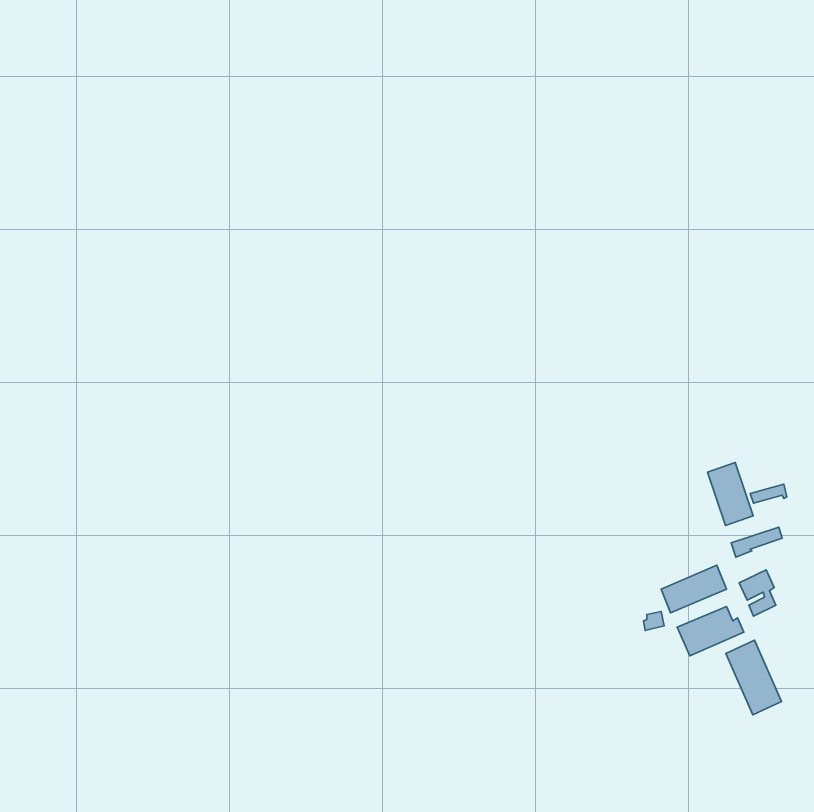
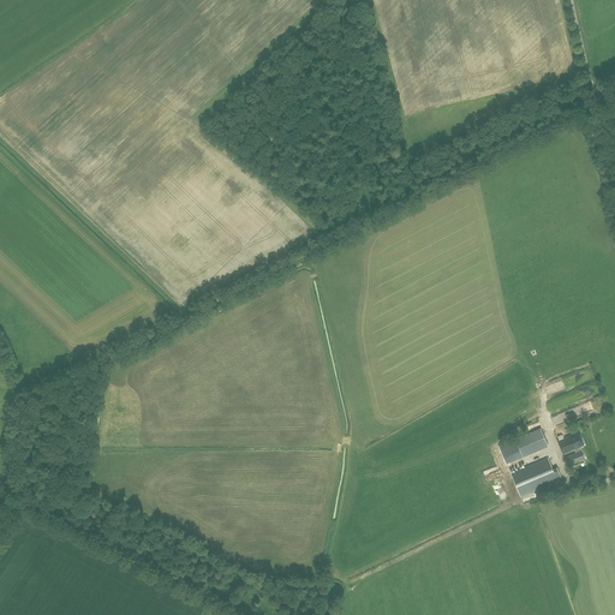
building: [708,462,753,526] -> none
building: [726,640,781,715] -> none

